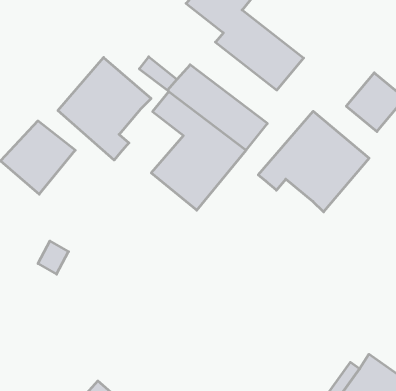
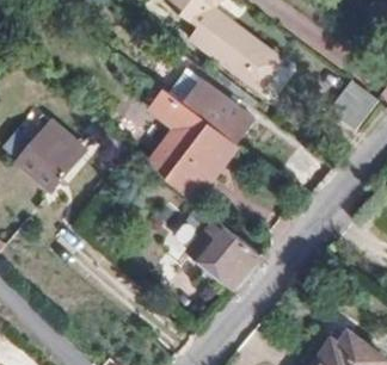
building: [58,57,151,160] -> none
building: [258,111,369,212] -> none
building: none -> [185,221,257,290]

